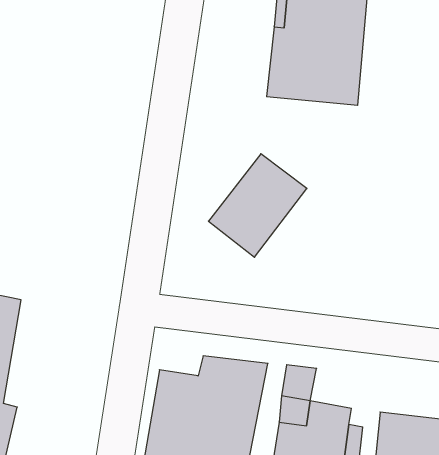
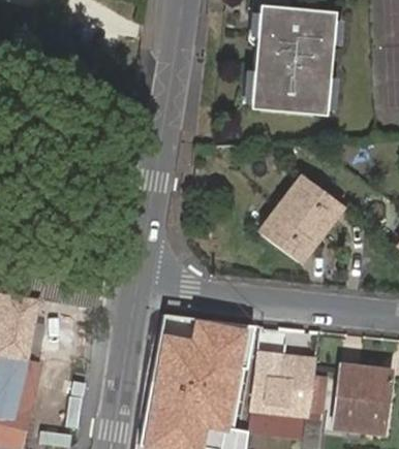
building: [208,154,307,257] -> [260,179,342,264]

